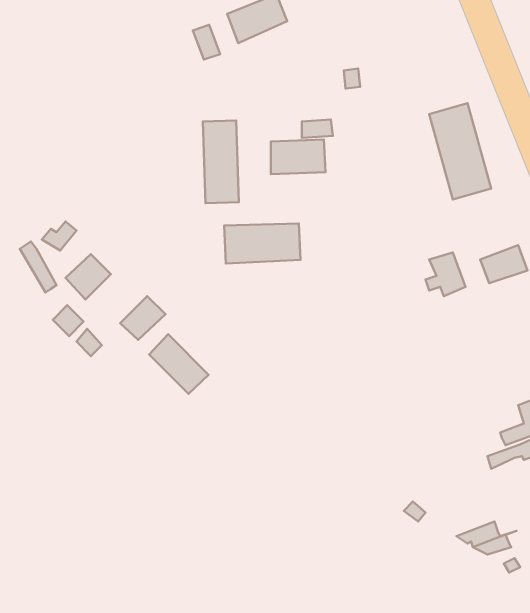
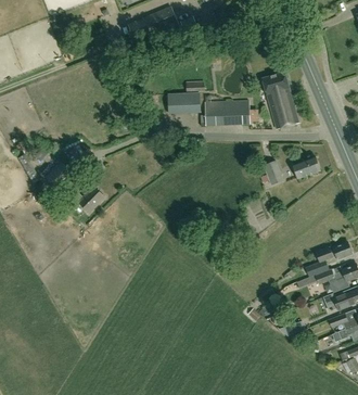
building: [203,121,239,203] -> none
building: [224,224,301,264] -> [205,101,251,125]
building: [149,334,209,394] -> none

